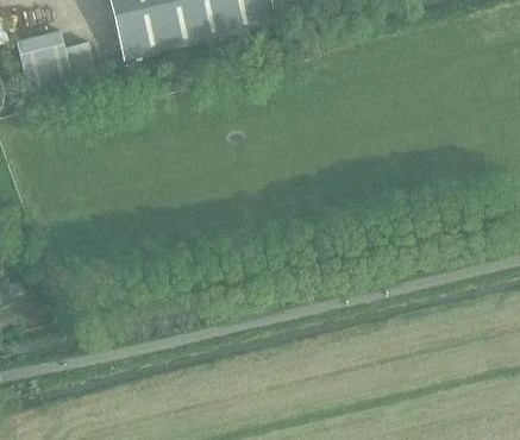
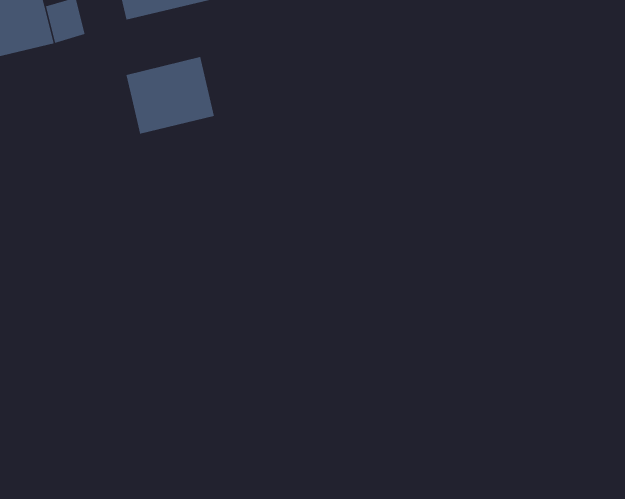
building: none -> [126,56,214,135]

